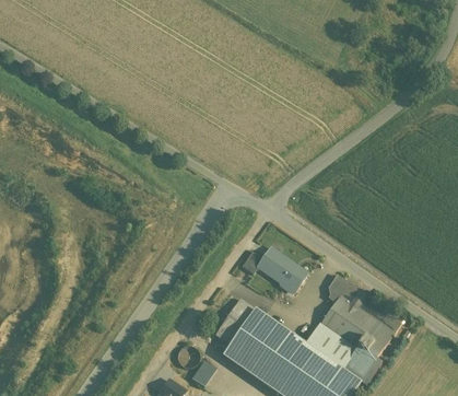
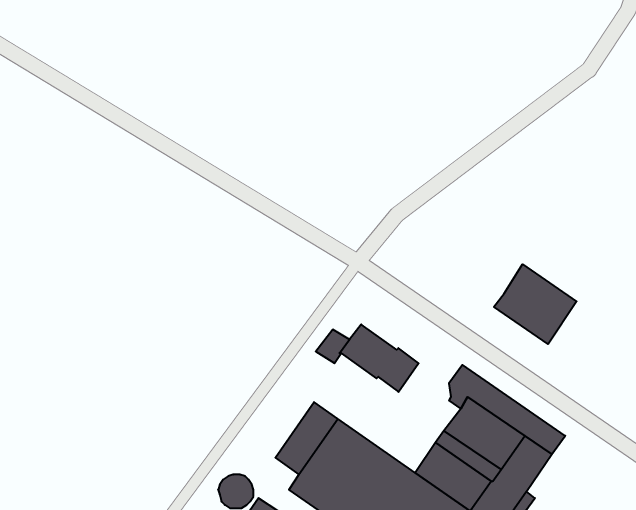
building: none -> [494,264,577,344]

